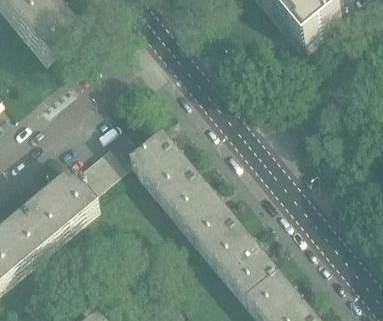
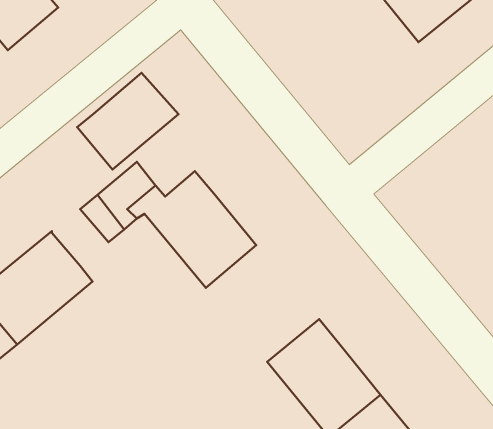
building: none -> [77,73,178,170]
building: [71,156,107,192] -> none
building: [169,179,241,253] -> none

